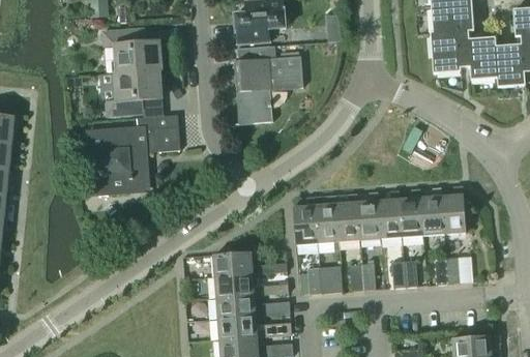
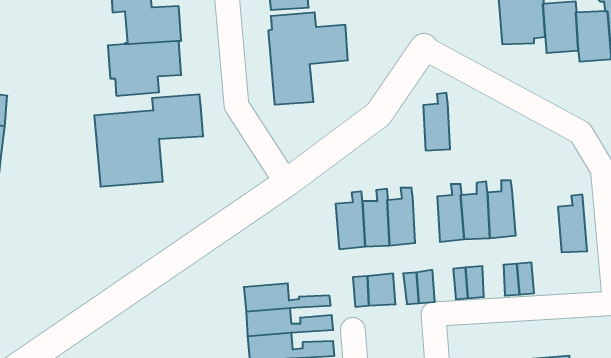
building: [441,185,466,234] -> [558,195,587,252]
building: [357,191,380,240] -> [423,93,450,150]
building: [213,252,287,277] -> none

